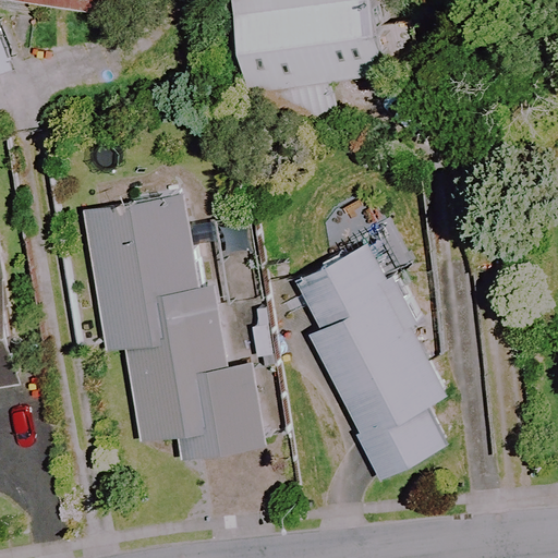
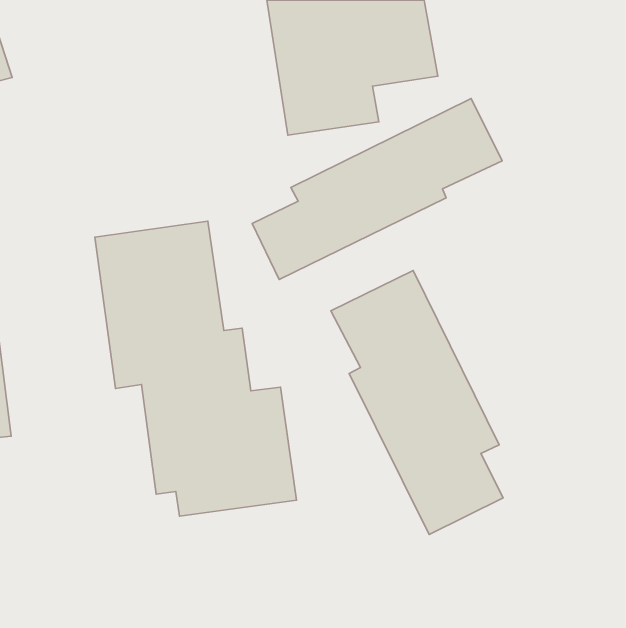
building: none -> [252,99,502,280]

